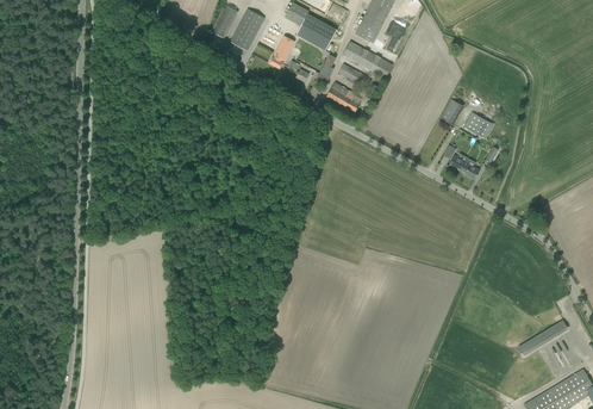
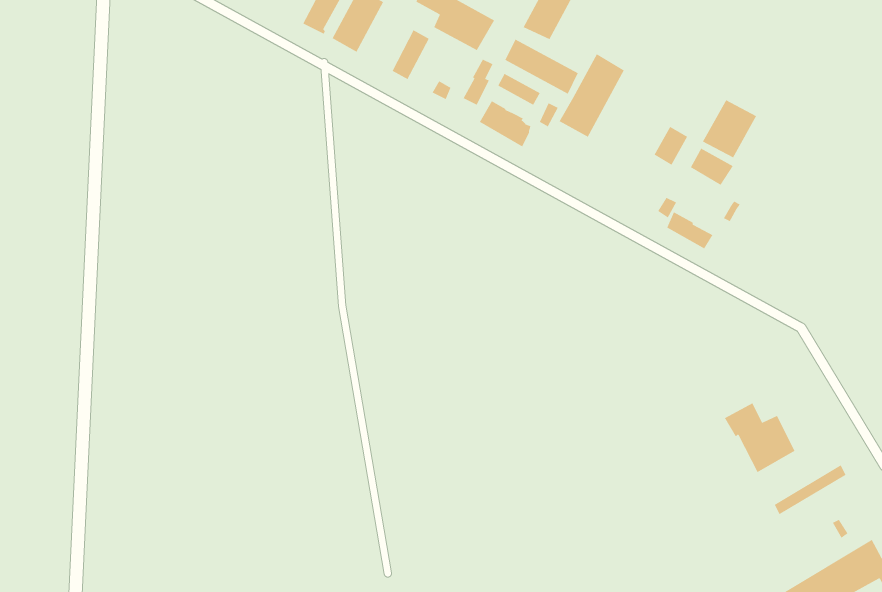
building: none -> [558,53,625,138]
building: none -> [702,99,757,159]
building: none -> [724,402,795,473]

